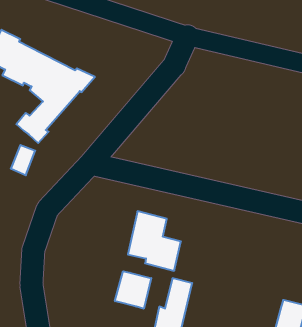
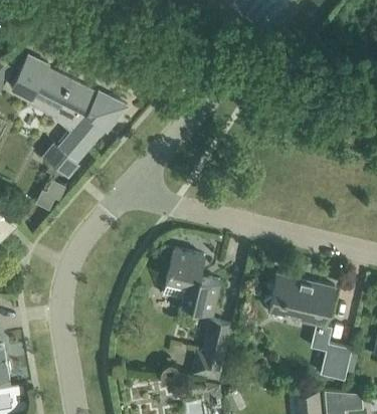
building: none -> [264,274,335,328]
building: [115,271,151,309] -> none

